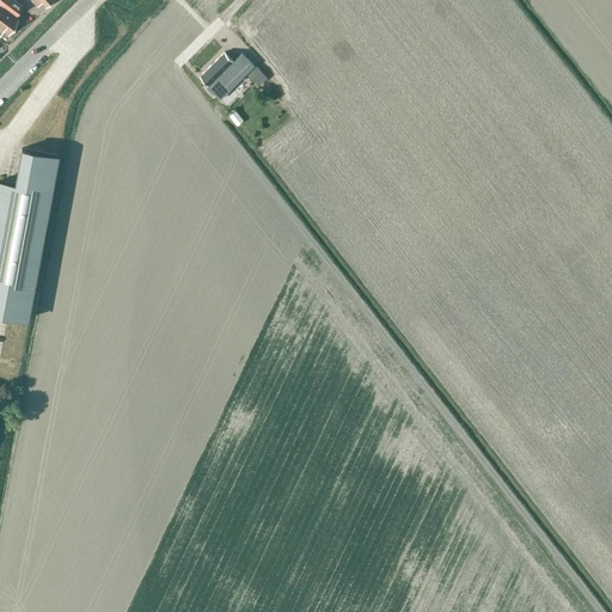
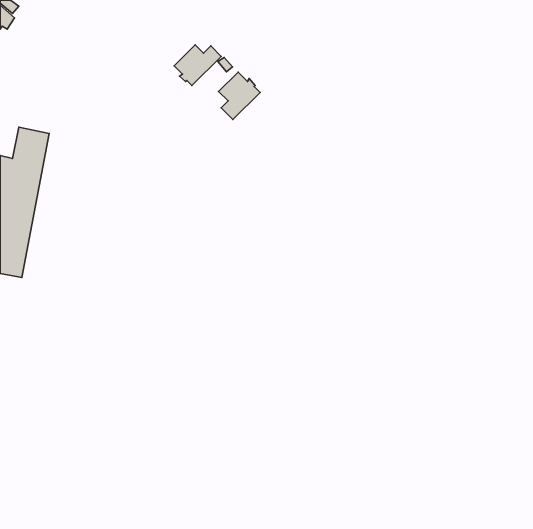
building: none -> [219,72,260,120]

